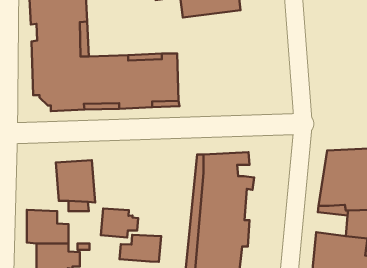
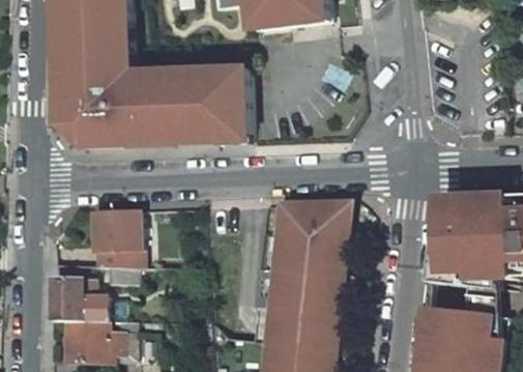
building: [101,209,138,238] -> none
building: [120,235,161,262] -> none

